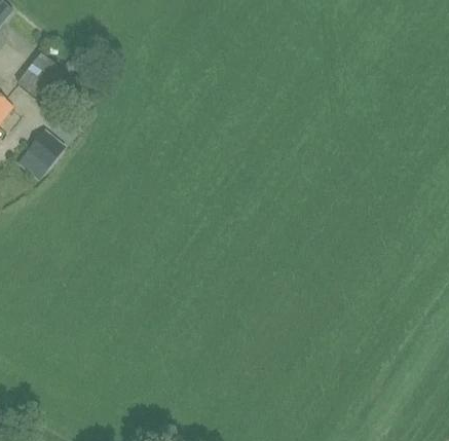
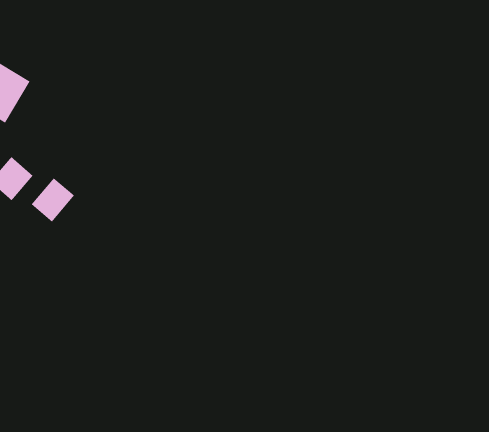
building: none -> [31,177,75,223]

